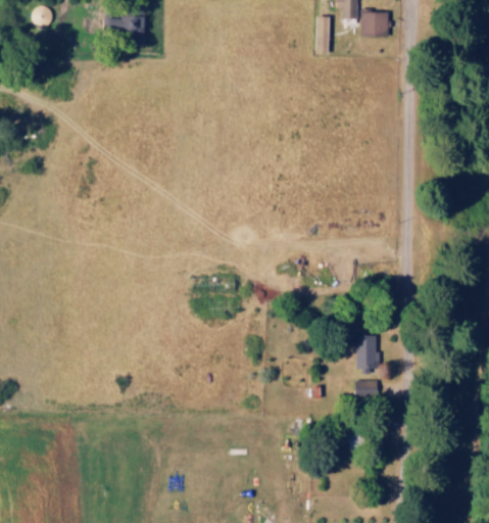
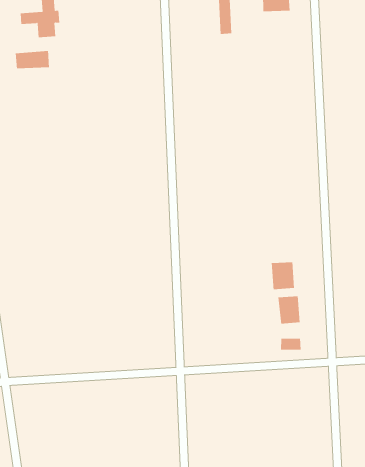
building: none -> [15,50,50,69]
building: none -> [271,262,295,290]

